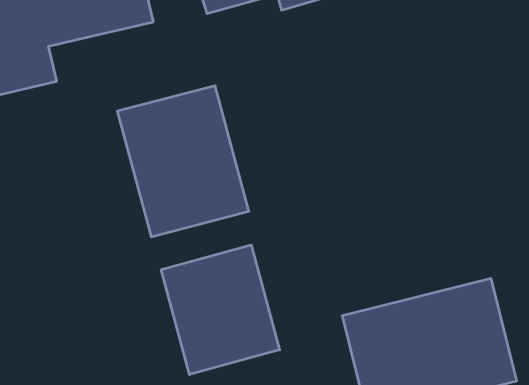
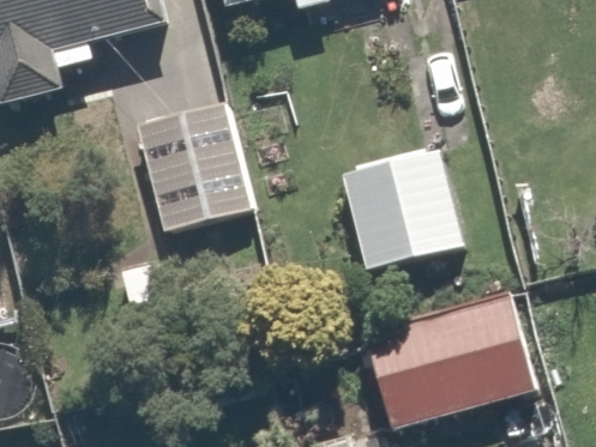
building: none -> [335,144,465,276]
building: [161,245,280,375] -> none

